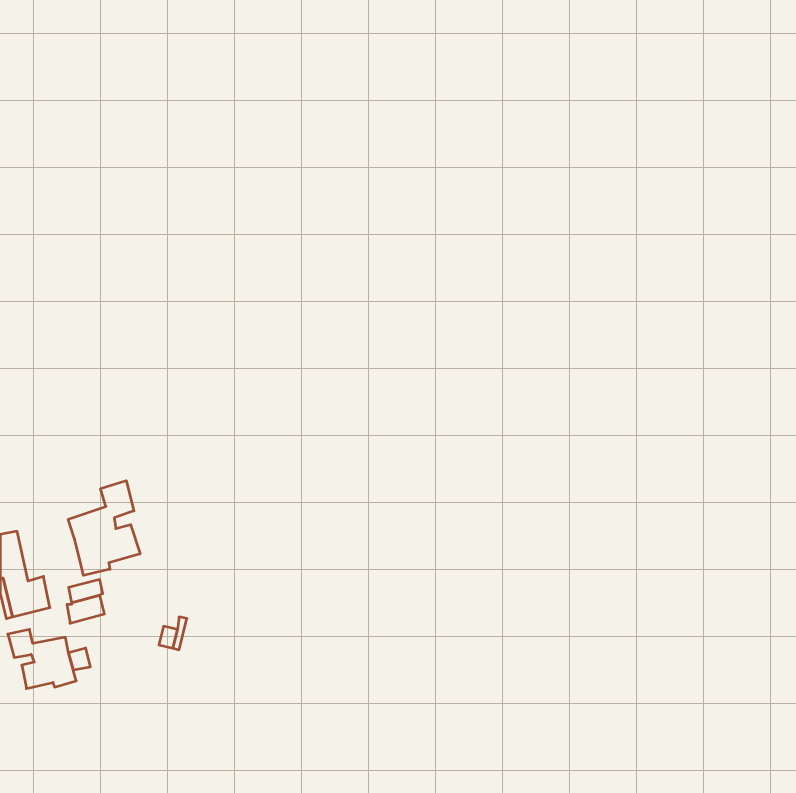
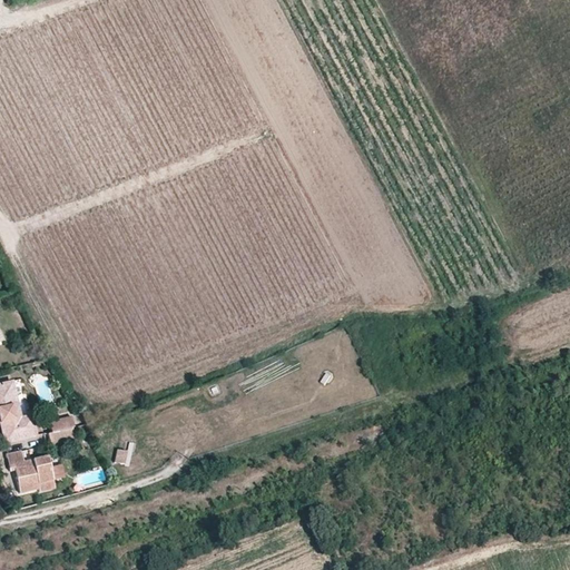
building: [68,481,140,575] -> none

